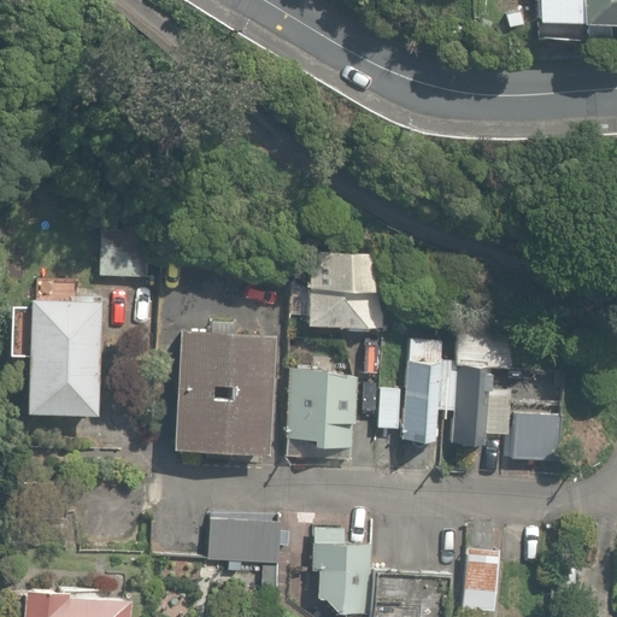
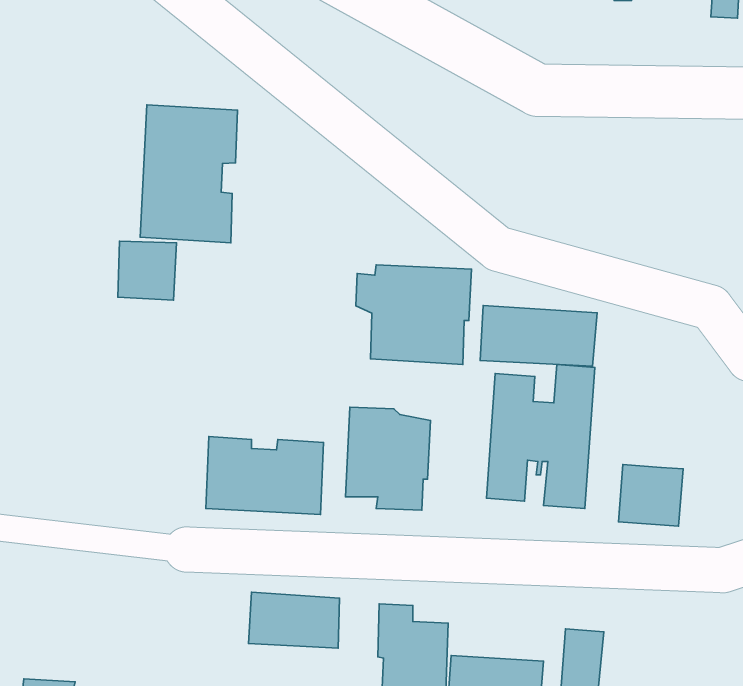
building: none -> [140,105,238,243]
building: none -> [480,305,597,366]
building: [18,296,99,416] -> none
building: [175,324,272,395] -> none

